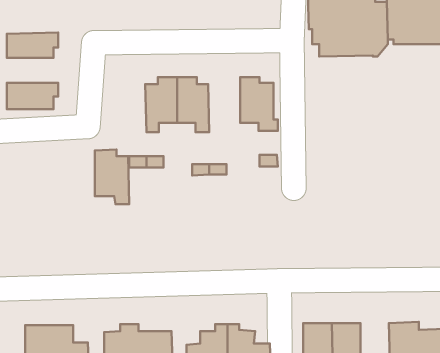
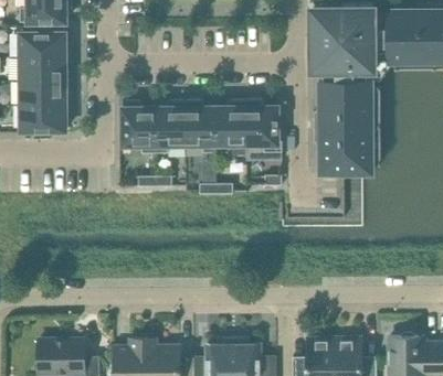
building: none -> [20,32,70,58]
building: none -> [313,79,379,173]
building: none -> [20,82,70,106]
building: none -> [214,100,245,154]
building: [95,149,129,204] -> [122,100,155,153]

